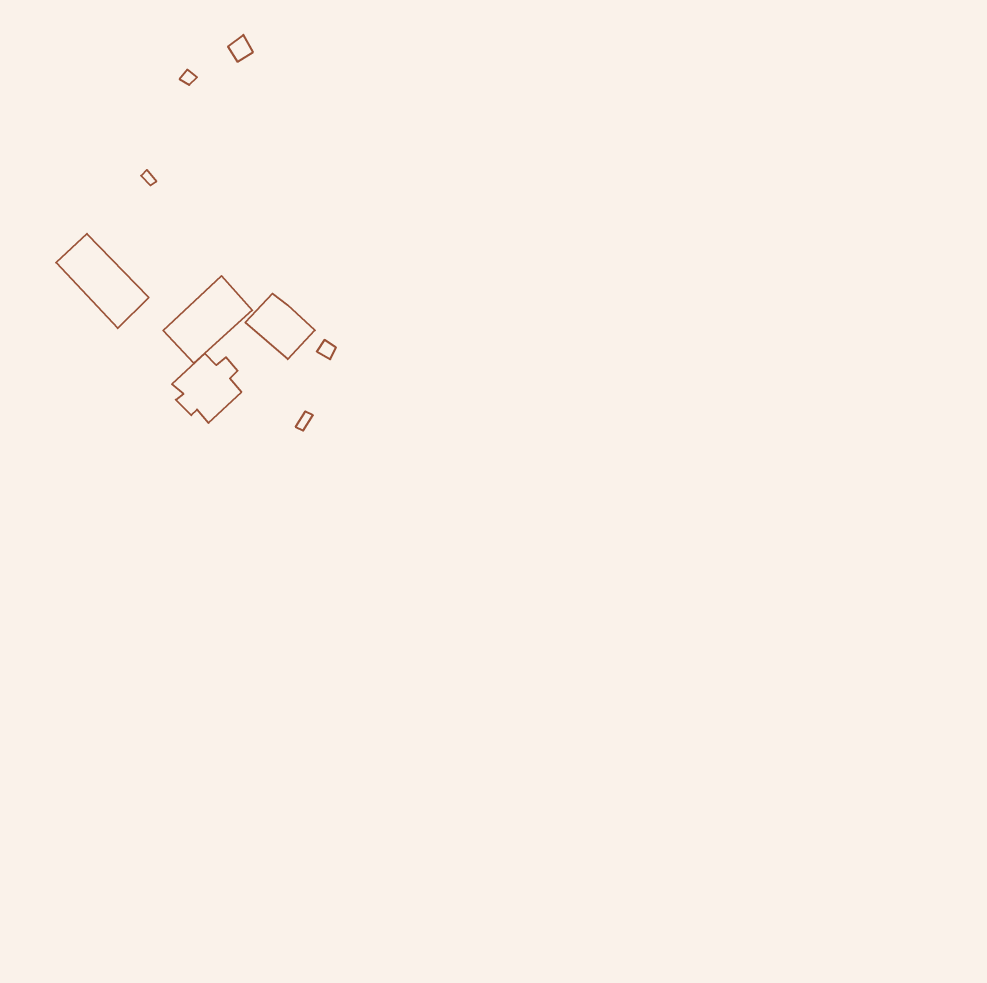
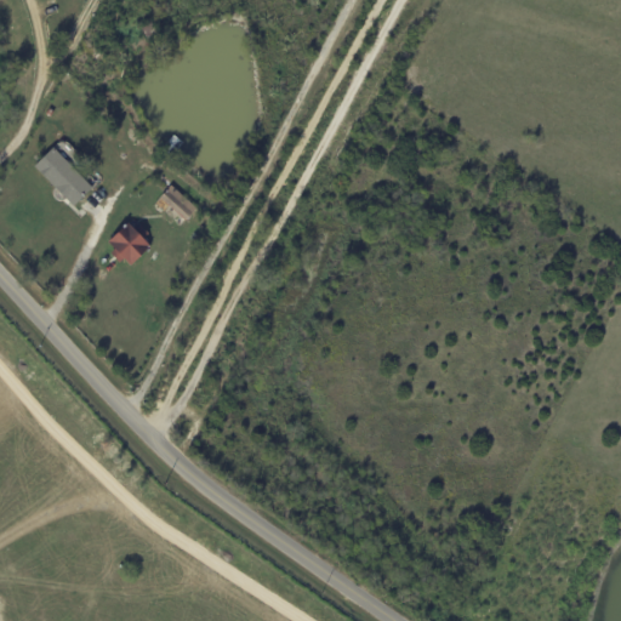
building: [163,276,252,363] -> none

